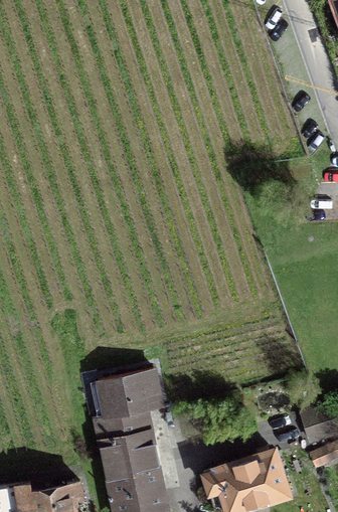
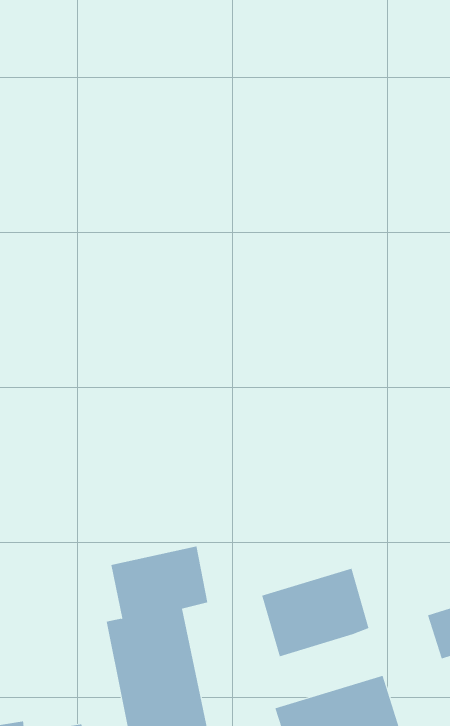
building: none -> [261,568,369,657]

